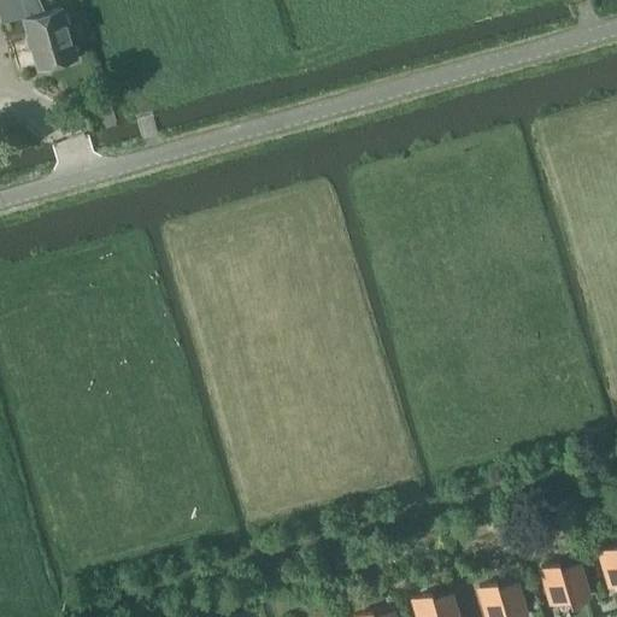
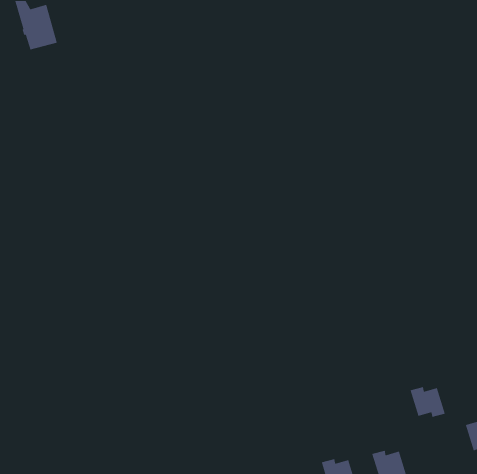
building: [542,565,589,606] -> [409,386,446,418]

